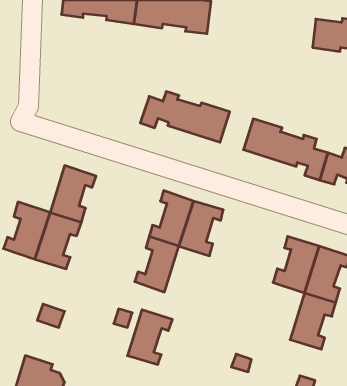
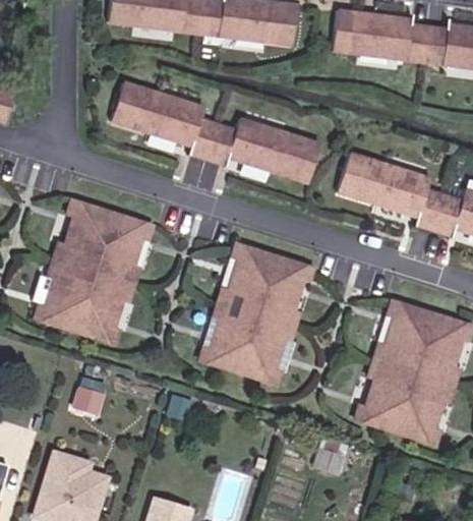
building: none -> [331,8,427,61]
building: none -> [109,80,217,157]
building: none -> [51,198,110,270]
building: none -> [355,358,413,430]
building: [127,310,172,364] -> [236,312,293,382]

